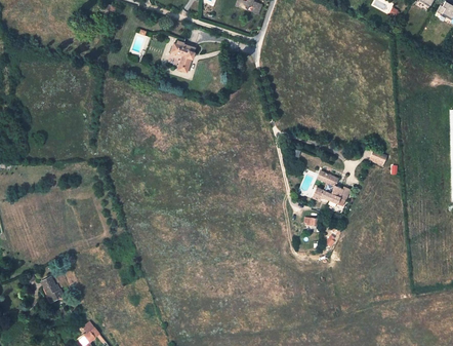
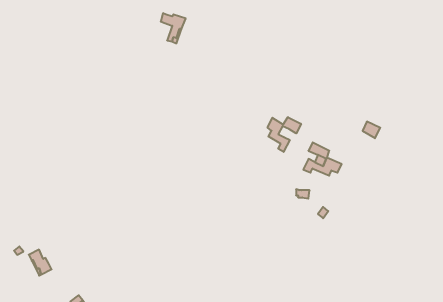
building: none -> [268,117,301,152]

